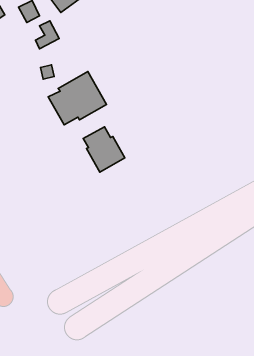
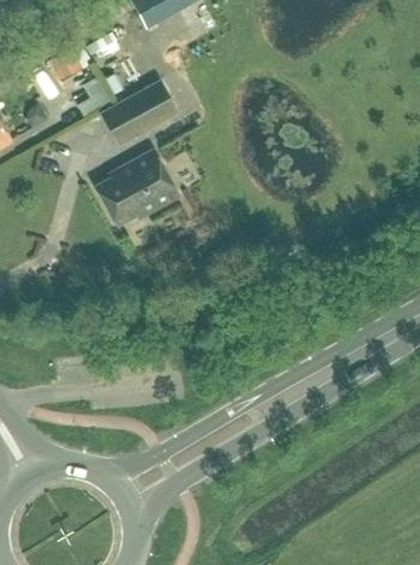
building: none -> [100,81,177,146]
building: [83,127,125,172] -> none

